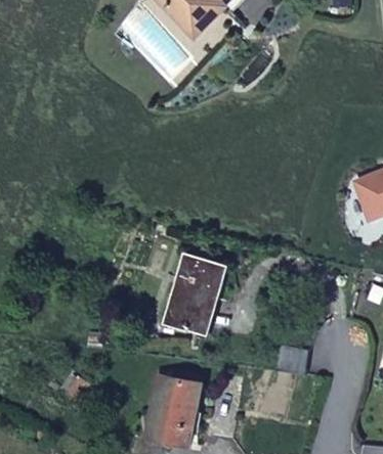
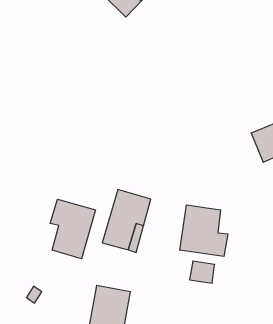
building: none -> [50,199,96,259]
building: none -> [180,205,228,256]

